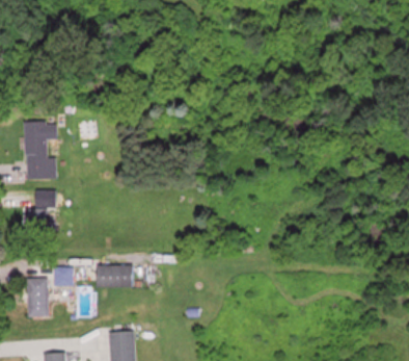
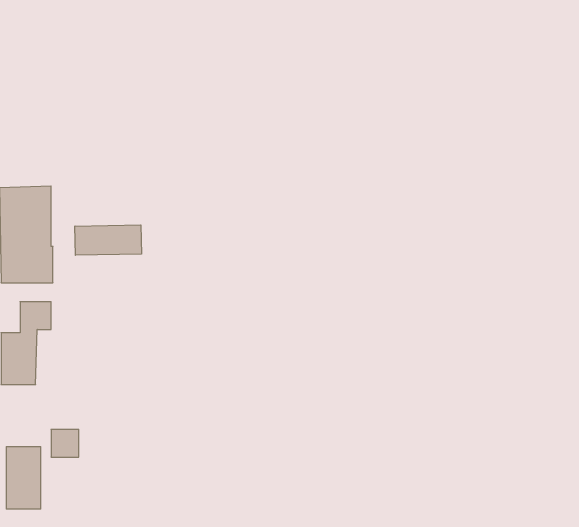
building: none -> [75,225,141,255]
building: [97,265,133,287] -> none

